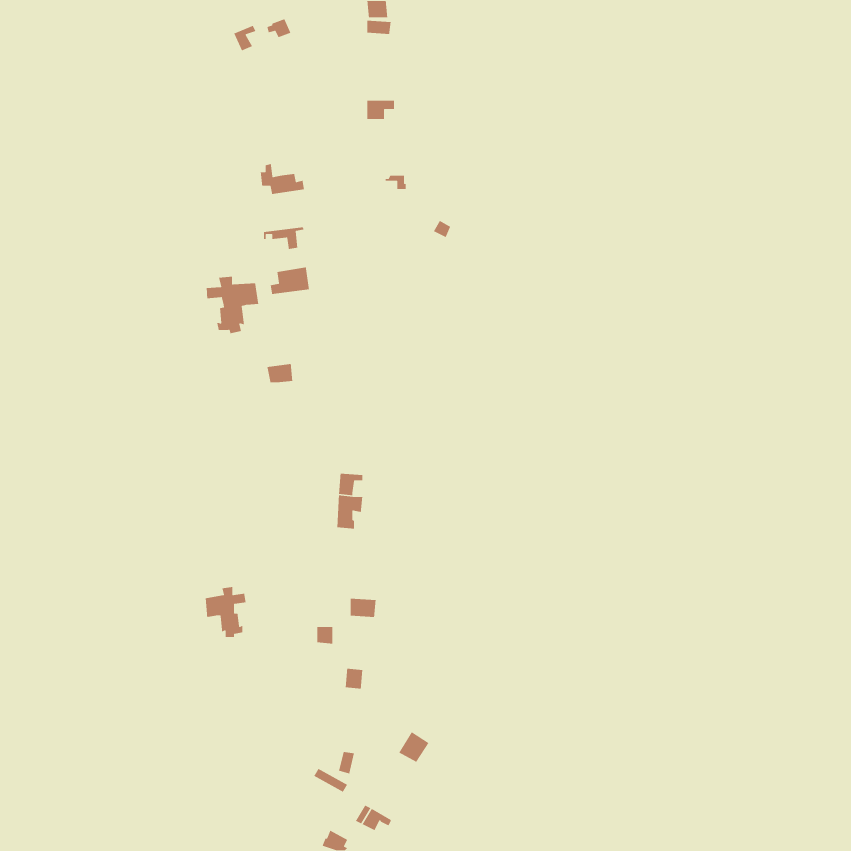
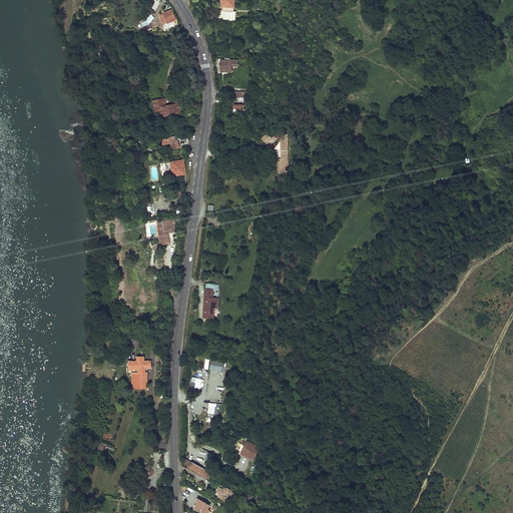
building: [206,276,259,334] -> none

